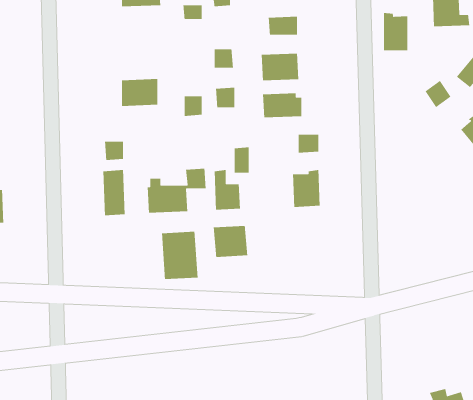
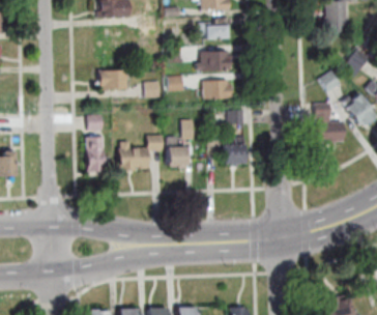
building: [383,12,408,51] -> none
building: none -> [316,103,344,144]
building: [213,225,248,258] -> none
building: [161,231,198,280] -> none

